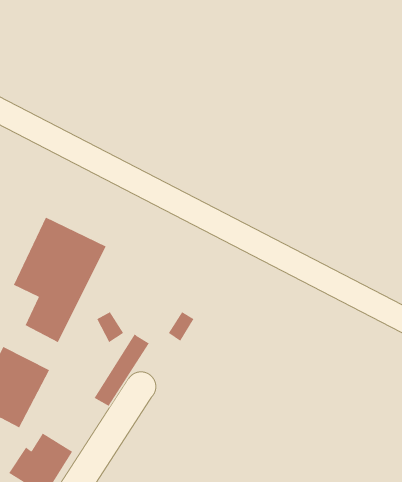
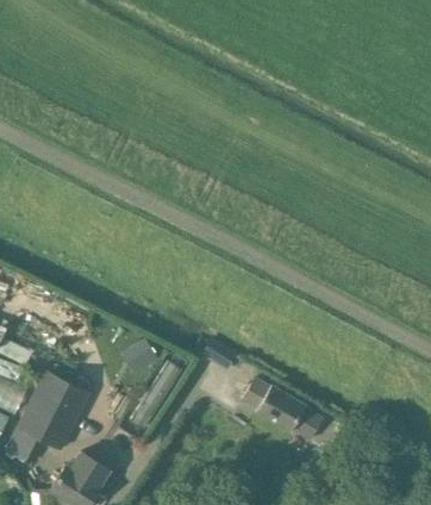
building: [13,216,107,343] -> none
building: none -> [243,378,323,439]

